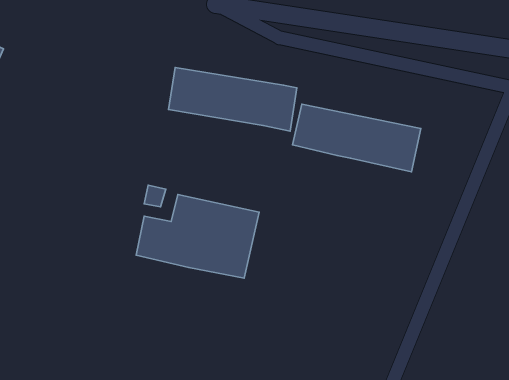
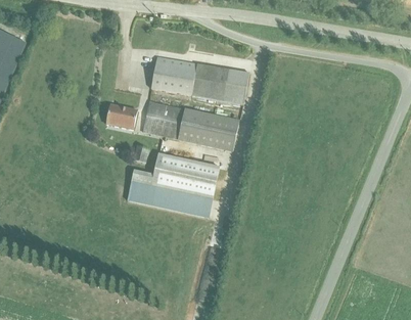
building: [292,104,421,172] -> [141,100,238,151]
building: none -> [104,103,136,129]

